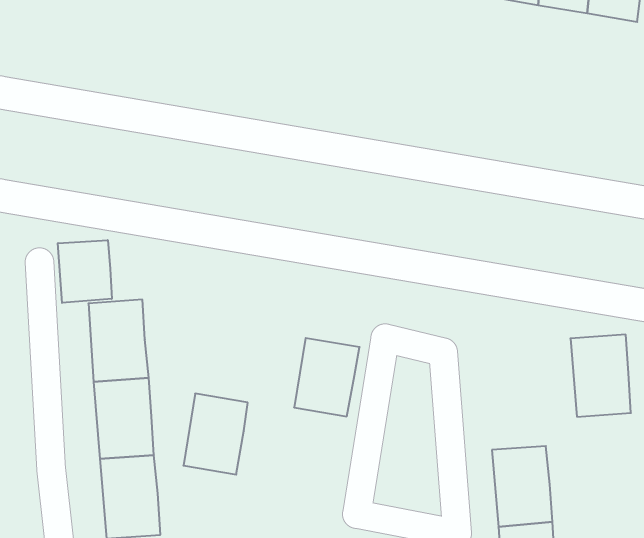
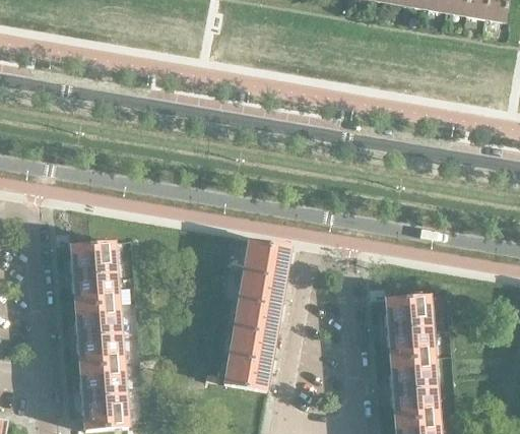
building: [58,240,112,303] -> none
building: none -> [243,239,290,278]
building: [570,335,631,417] -> [385,295,433,360]
building: [183,394,248,475] -> [224,326,275,390]

